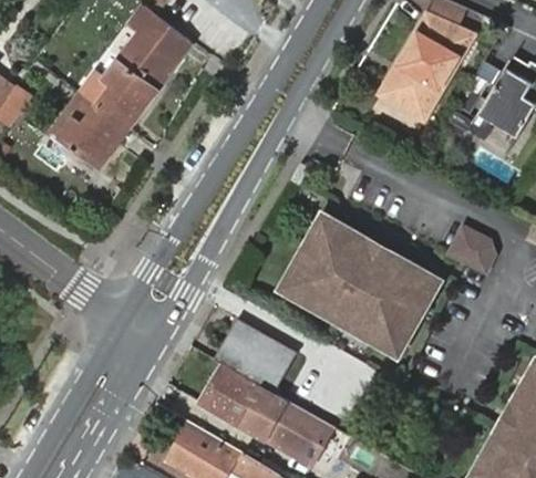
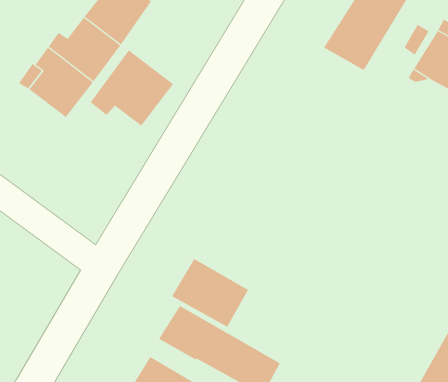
building: none -> [90,49,174,126]
building: [277,211,443,358] -> none
building: [449,227,495,274] -> none

